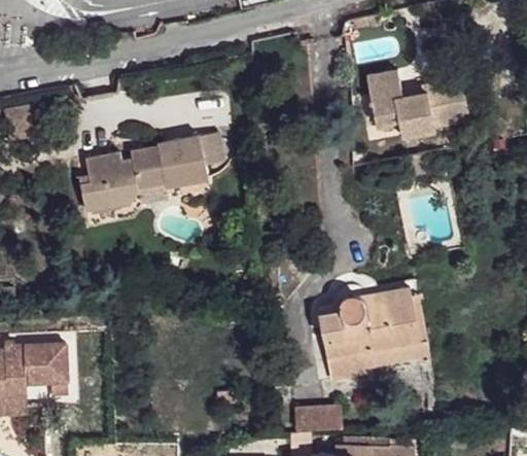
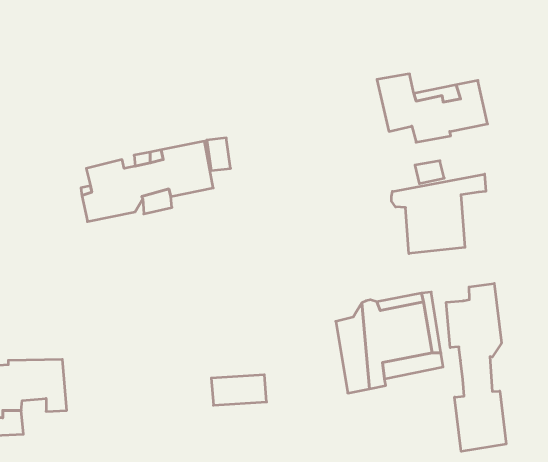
building: none -> [391,174,486,254]
building: none -> [446,283,506,451]
building: [288,407,341,435] -> [211,375,267,405]

